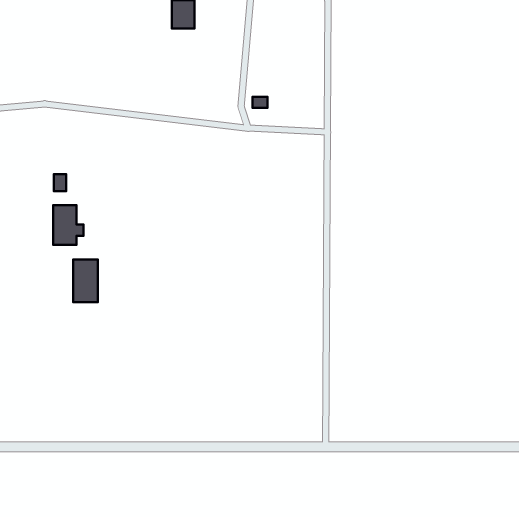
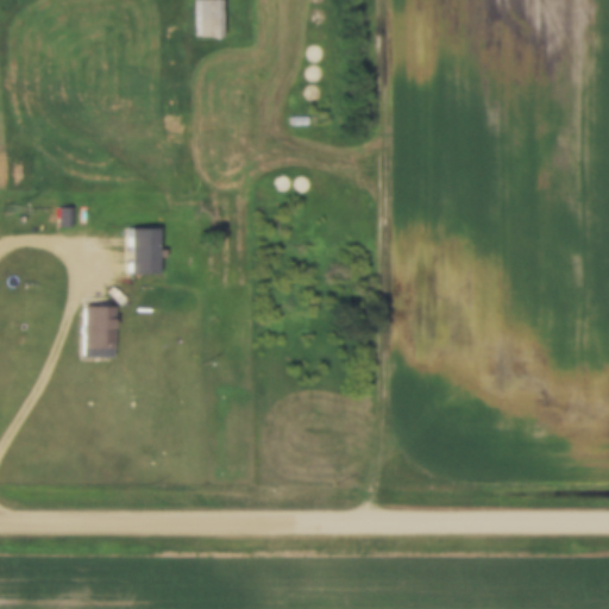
building: [53,205,84,245] -> [134,227,170,274]

